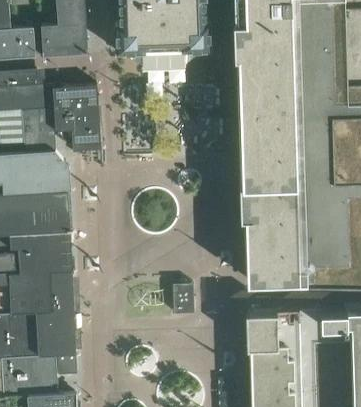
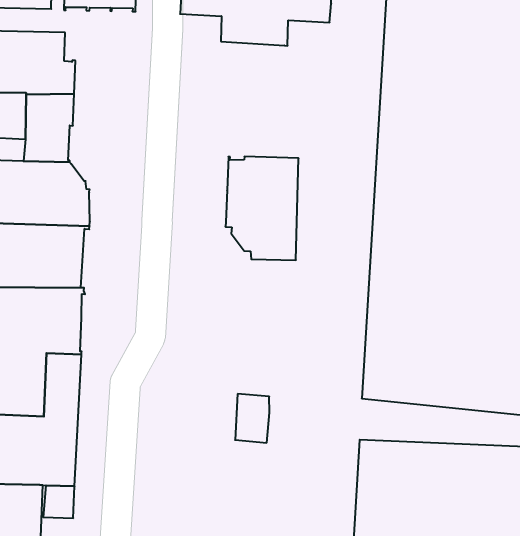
building: [52,85,100,151] -> [225,157,299,260]

